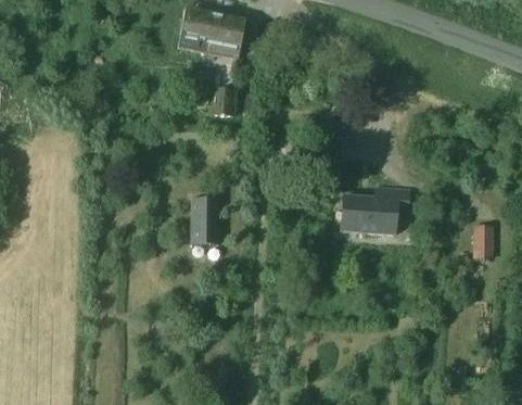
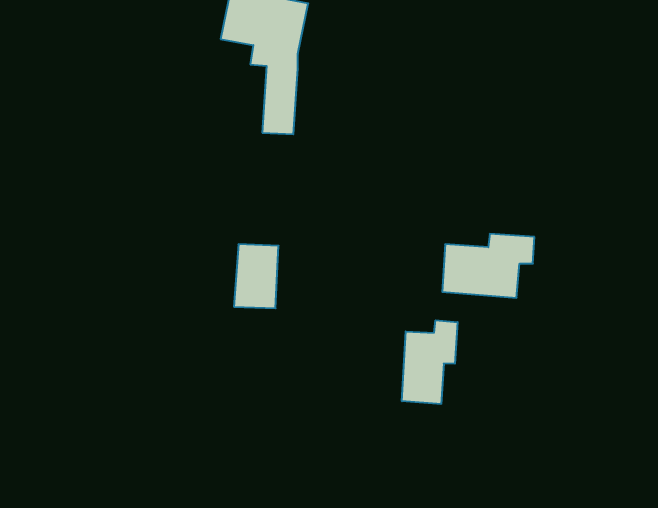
building: [473,224,494,255] -> none
building: none -> [402,320,458,404]

